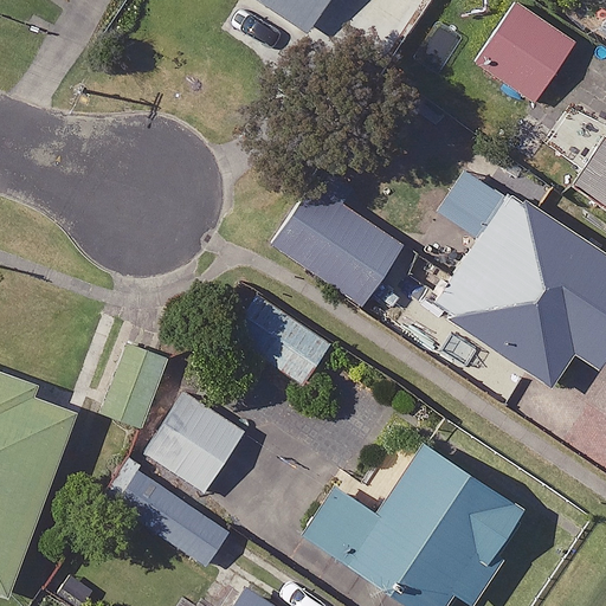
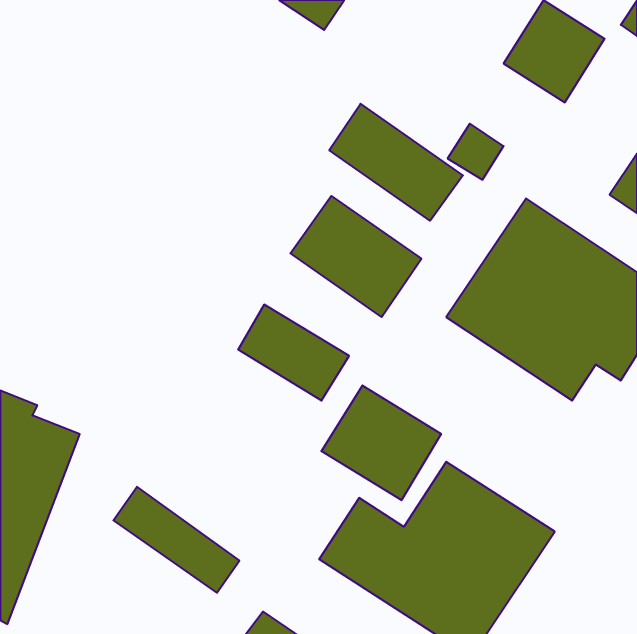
building: none -> [329,104,463,221]
building: none -> [321,385,441,500]
building: [148,393,245,491] -> none

